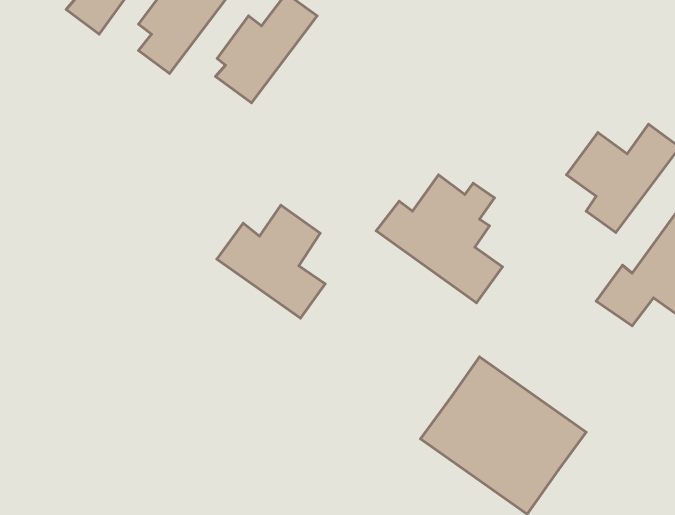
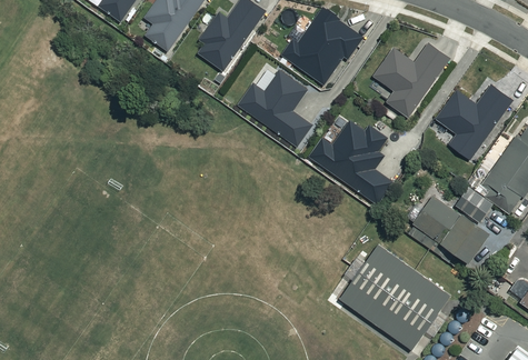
building: none -> [283,8,362,83]
building: none -> [373,43,450,119]
building: [217,205,325,318] -> [238,70,311,147]
building: none -> [407,197,492,263]

